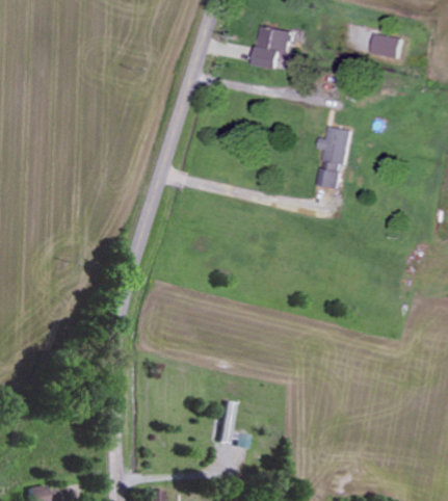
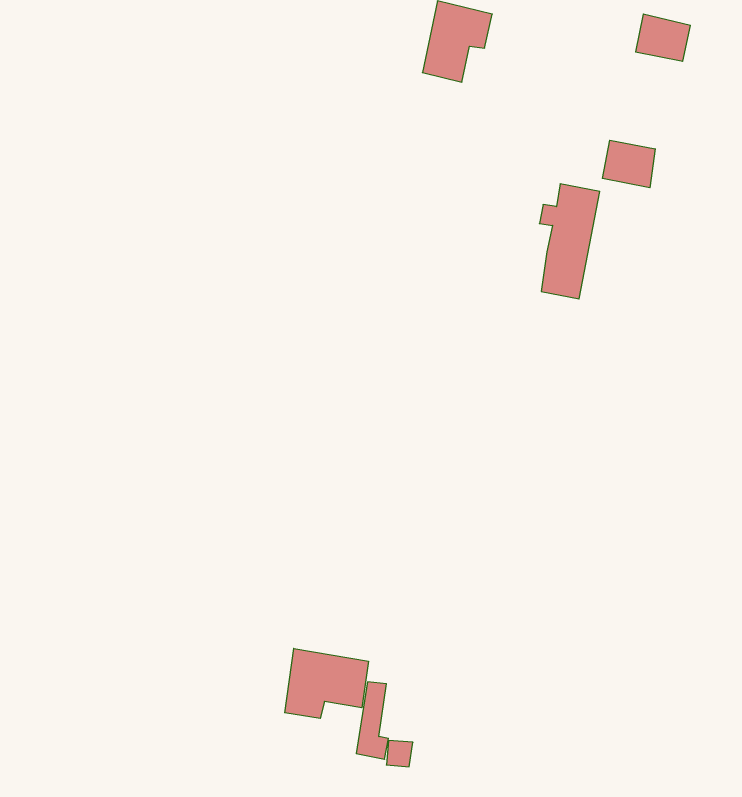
building: none -> [602,140,655,188]
building: none -> [285,648,368,718]

